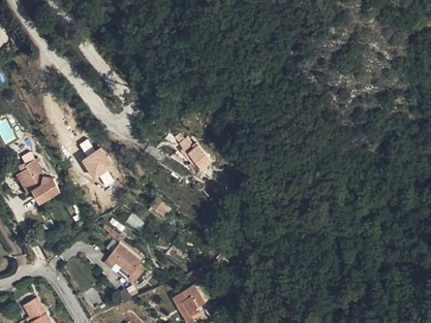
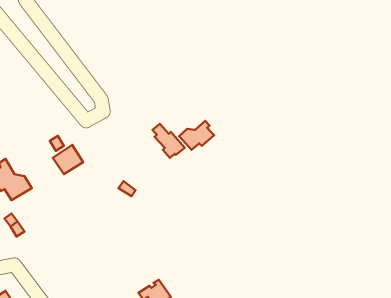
building: none -> [179,121,214,150]
building: [104,244,145,283] -> none

